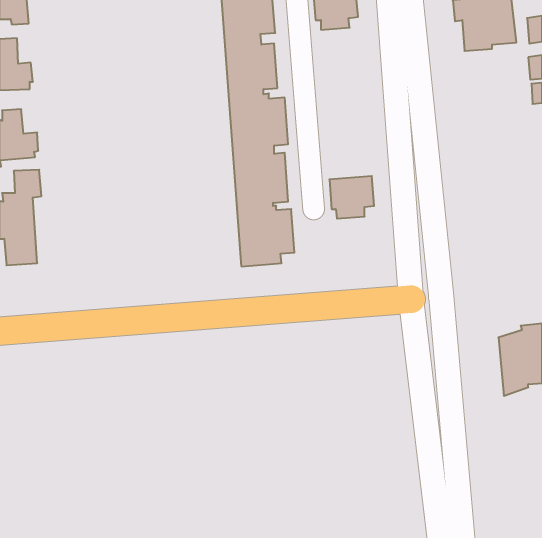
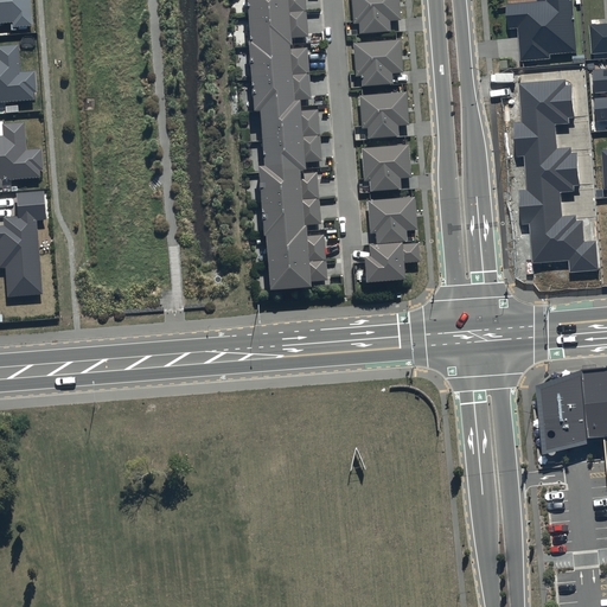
building: none -> [352,39,403,87]
building: none -> [510,74,598,269]
building: none -> [359,90,409,138]
building: none -> [360,145,411,191]
building: none -> [365,243,421,288]
building: none -> [537,377,562,447]

